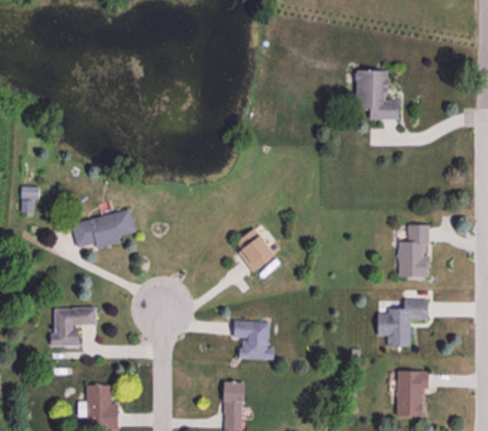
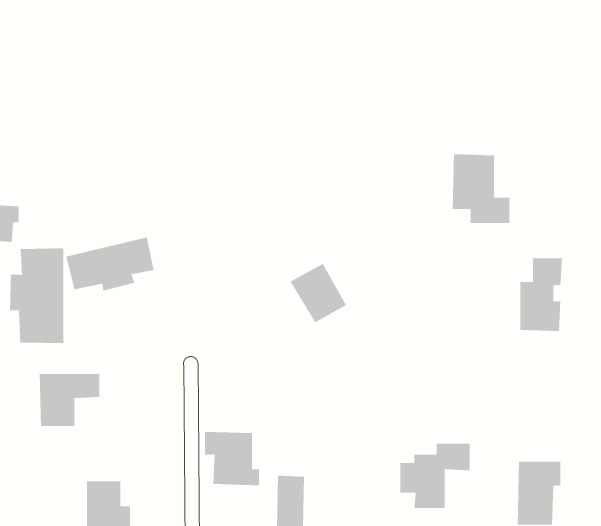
building: [356,69,399,120] -> [452,154,510,223]
building: none -> [10,248,64,344]
building: [378,299,429,347] -> [400,443,471,509]
building: [234,320,274,360] -> [204,431,260,486]

